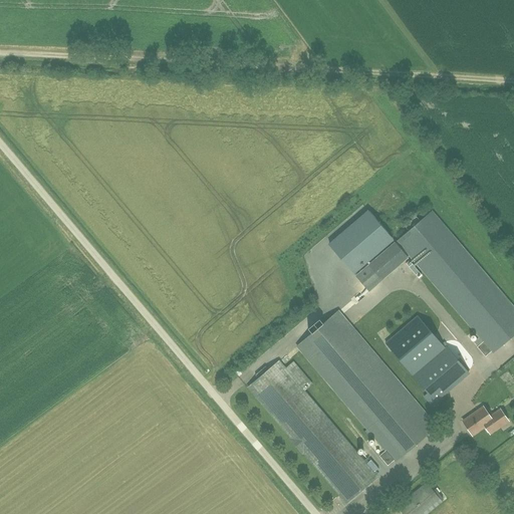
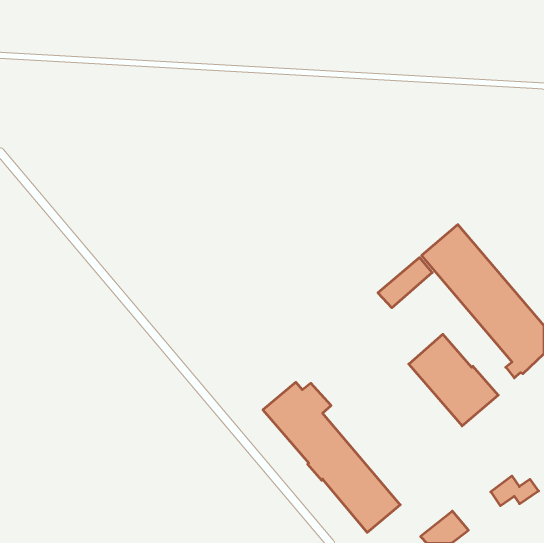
building: [329,211,393,272] -> none
building: [297,310,437,465] -> none
building: [463,407,508,435] -> [491,476,539,506]

